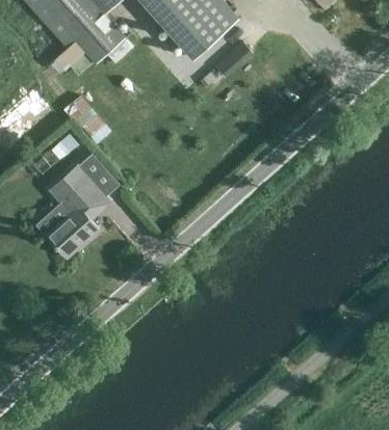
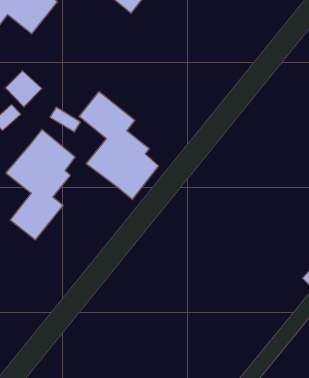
building: none -> [79,92,158,200]

